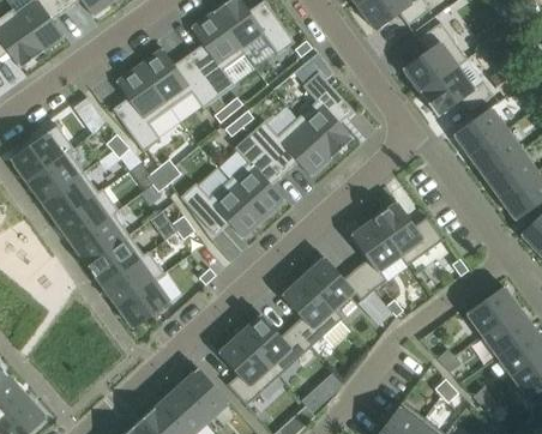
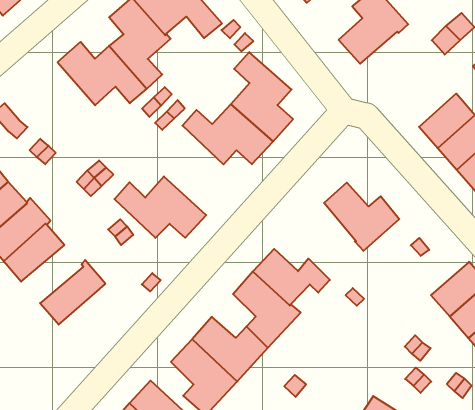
building: [113,65,170,151] -> none
building: [420,66,493,117] -> none
building: [453,107,506,156] -> none
building: [228,134,285,219] -> none
building: [350,218,401,290] -> none
building: [86,235,145,287] -> none
building: [118,281,170,330] -> none

